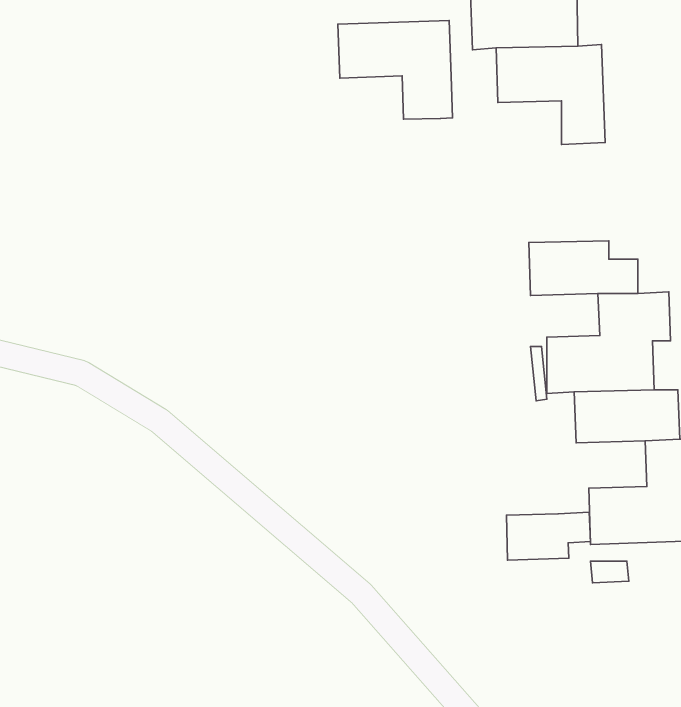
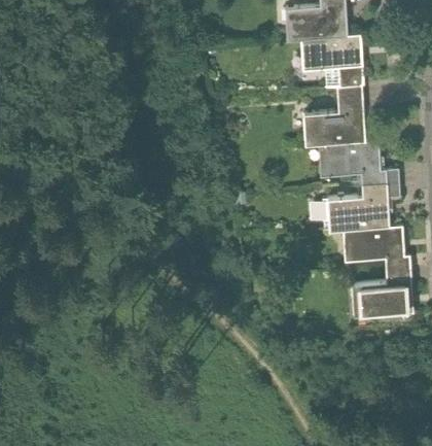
building: [338,20,452,119] -> none
building: none -> [305,89,364,145]
building: [507,512,591,560] -> none

